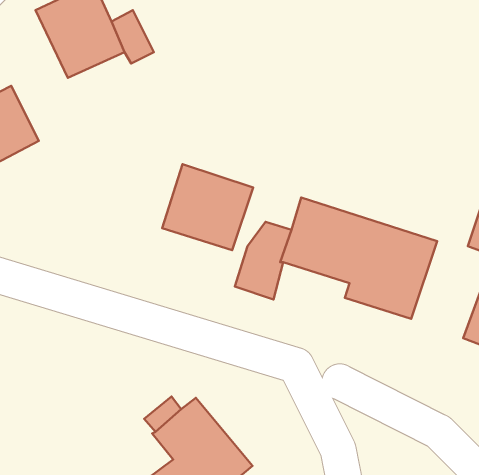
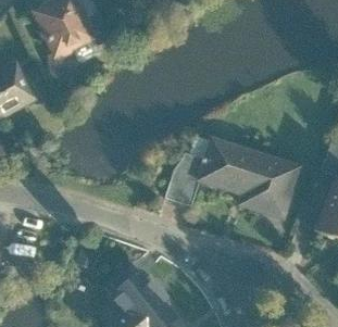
building: [162,164,253,250] -> none

